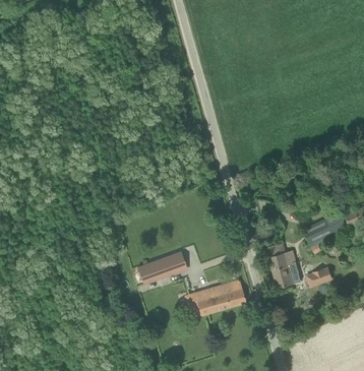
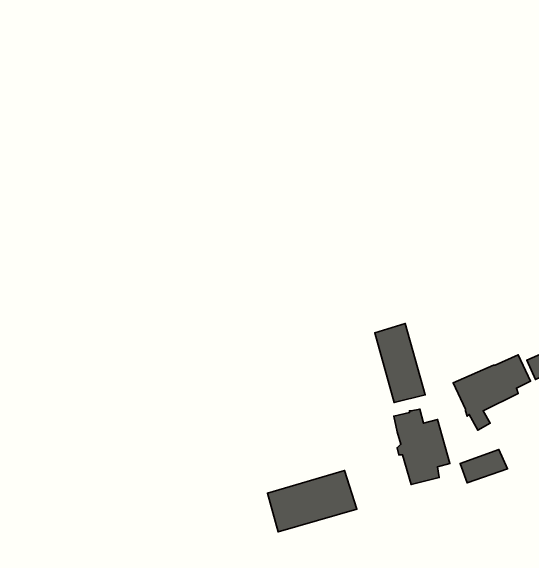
building: none -> [375,324,425,402]
building: [136,252,186,284] -> none

